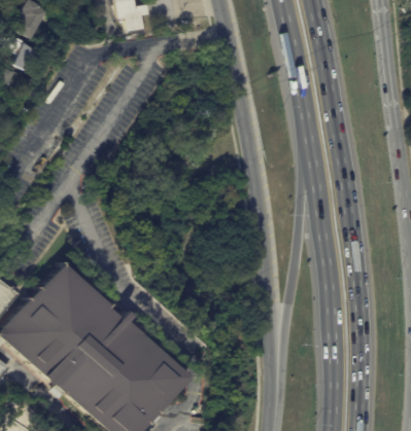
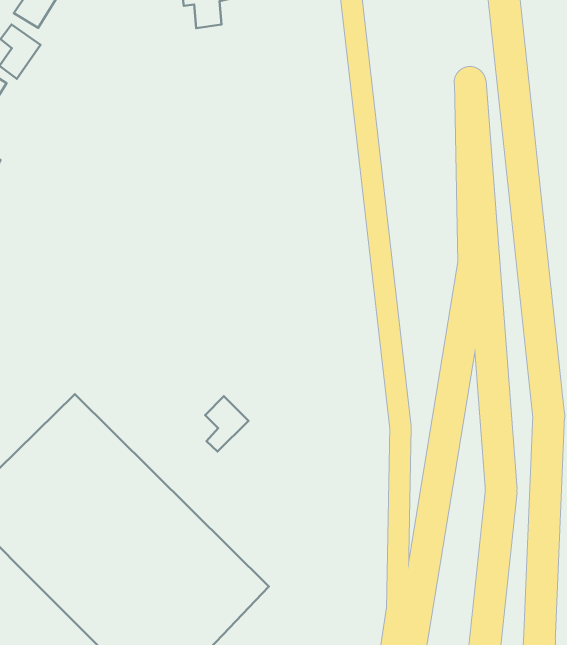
building: none -> [205,396,249,451]

